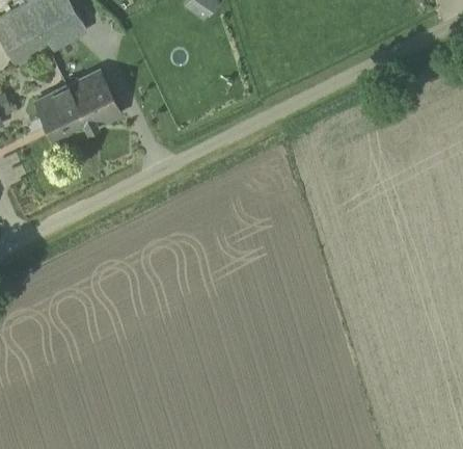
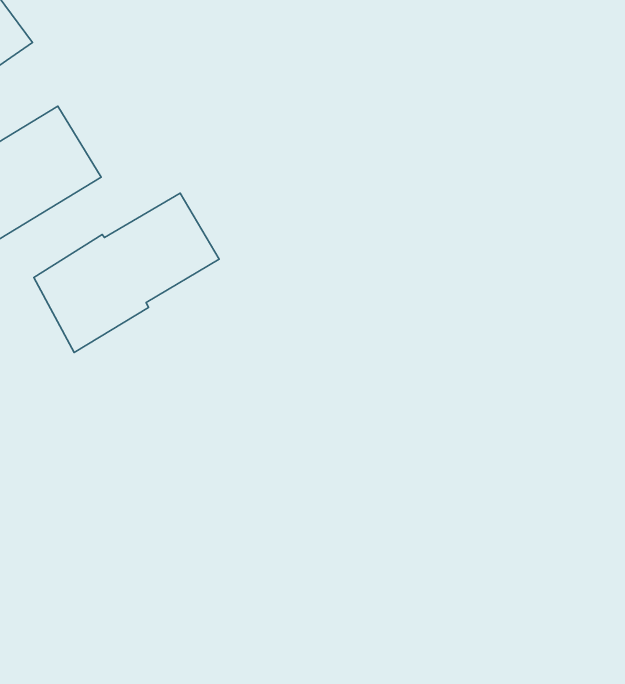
building: none -> [34,193,219,353]

